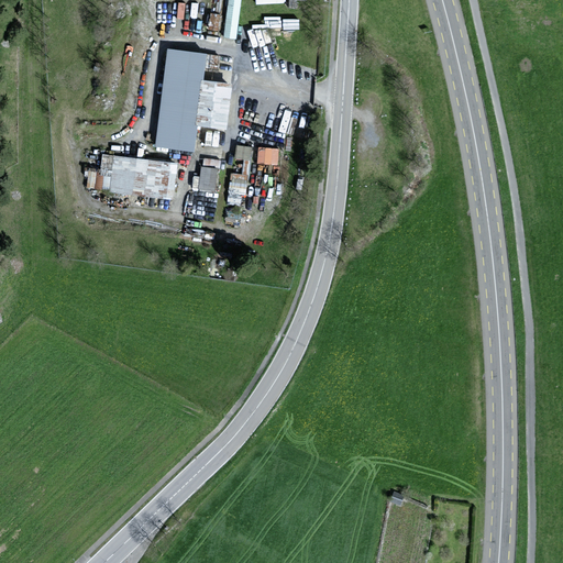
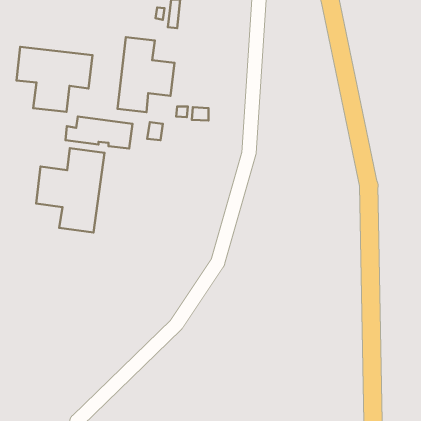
building: none -> [16,47,92,112]
building: none -> [36,148,104,233]

